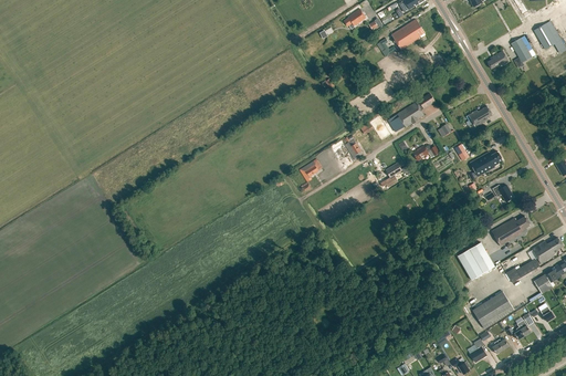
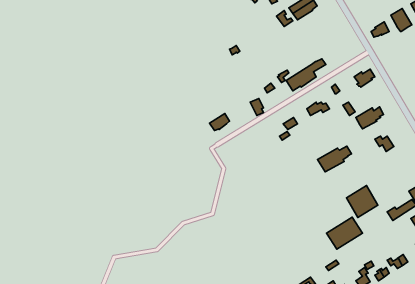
building: [491,216,531,246] -> [318,146,352,172]
building: [472,291,514,328] -> [327,217,362,249]

